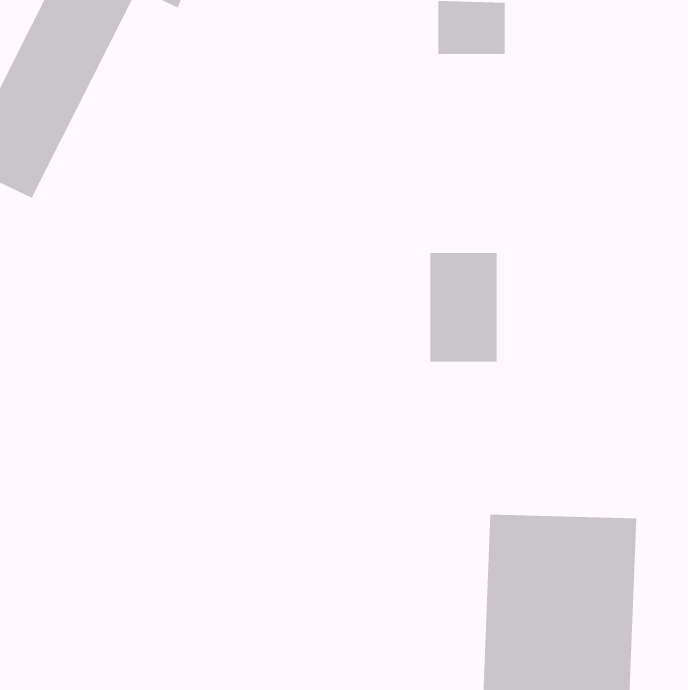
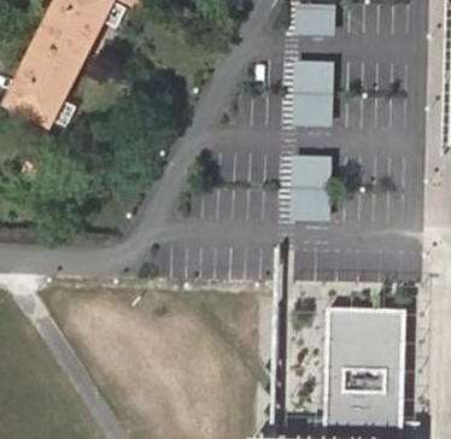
building: none -> [289,58,334,124]

